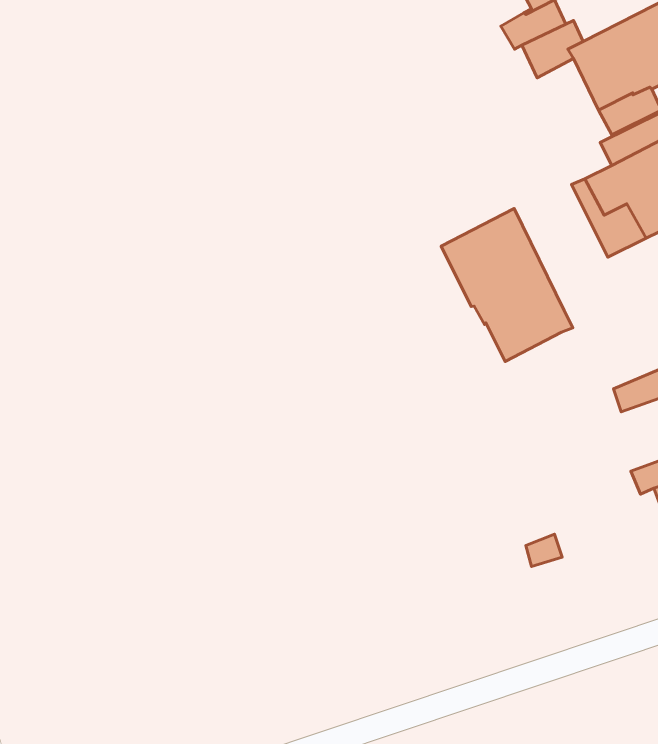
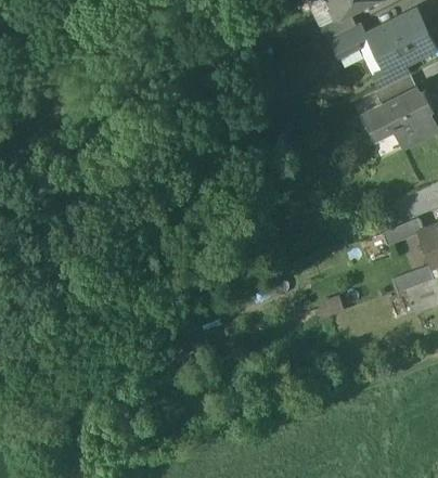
building: [441,209,573,362] -> none

